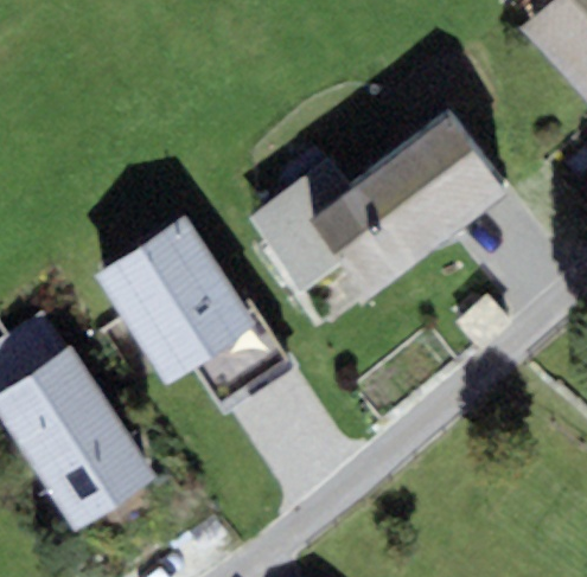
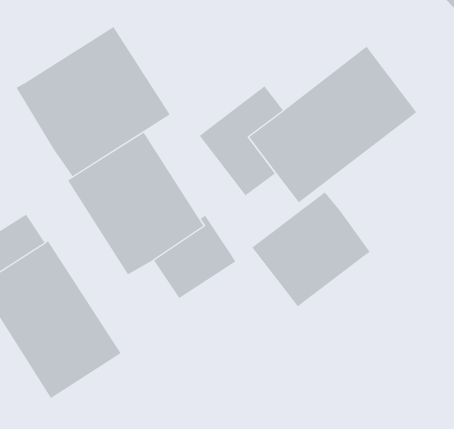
building: none -> [16,26,171,177]
building: none -> [252,191,371,307]

